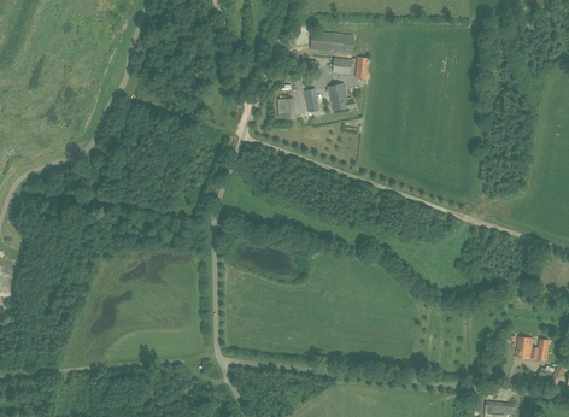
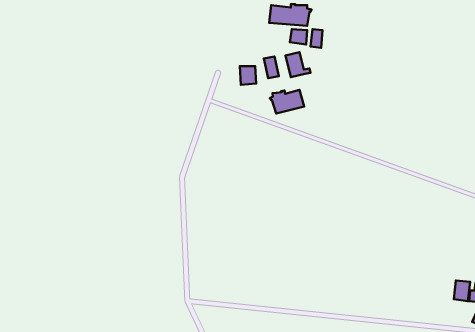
building: none -> [270,90,304,114]

